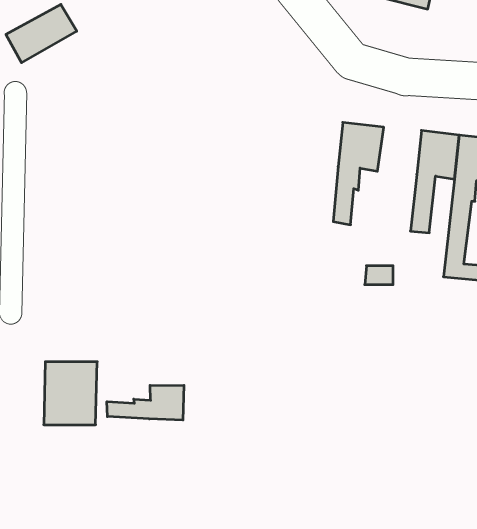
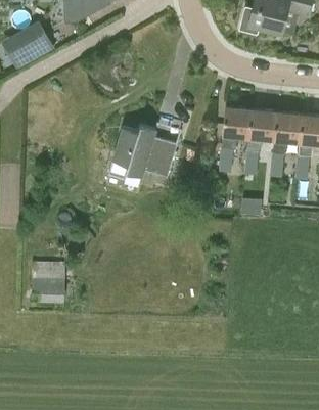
building: none -> [244,109,277,176]
building: none -> [113,125,178,178]
building: [107,385,184,420] -> none

